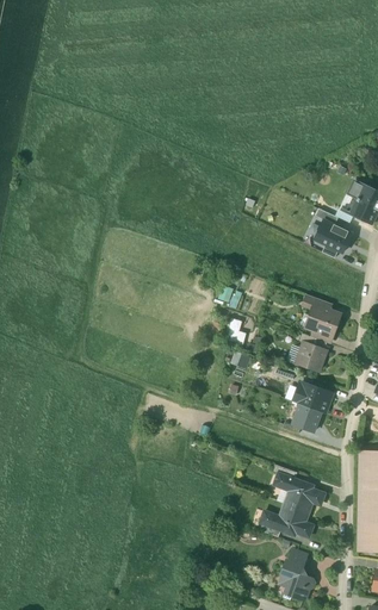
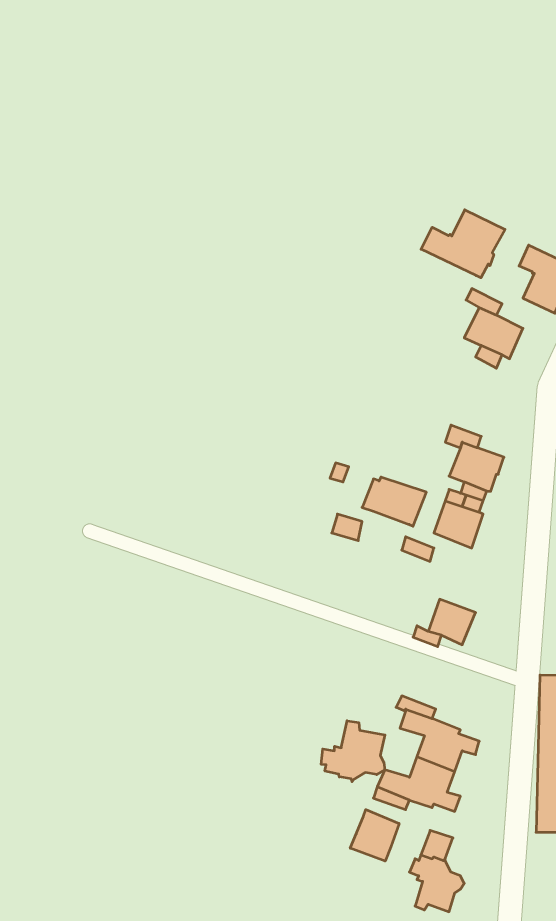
building: none -> [421,210,505,278]
building: [292,382,333,413] -> [362,477,426,526]
building: none -> [321,721,385,782]
building: none -> [350,810,399,861]

